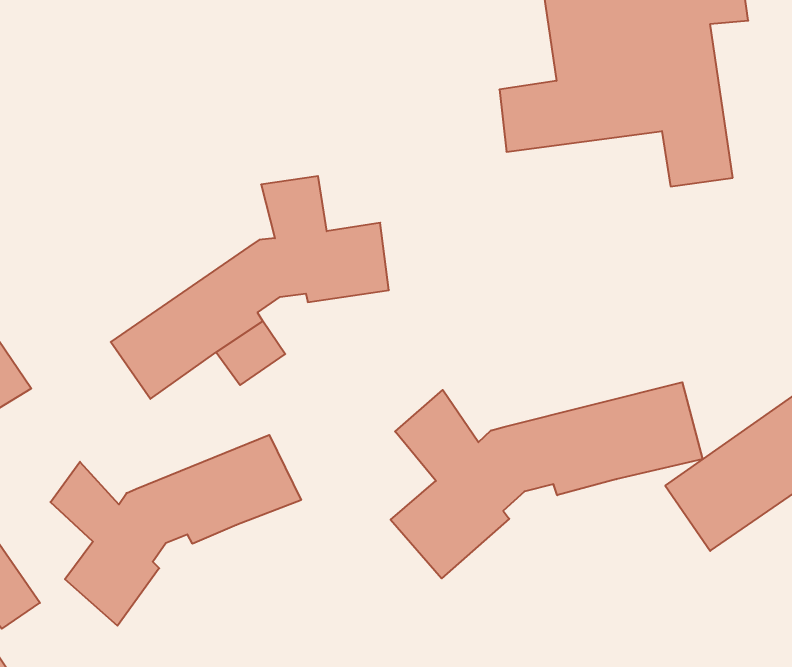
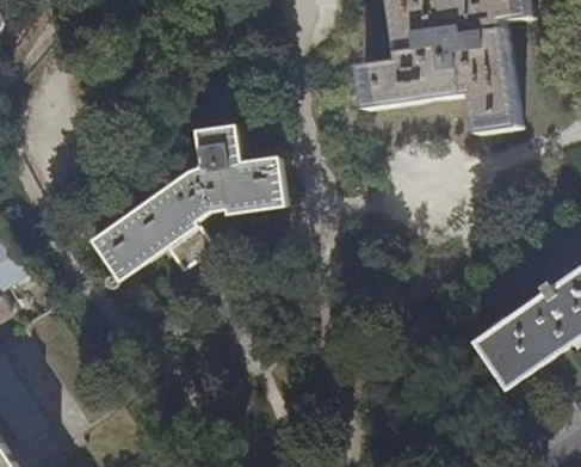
building: [391,382,702,578] -> none
building: [50,435,301,626] -> none

